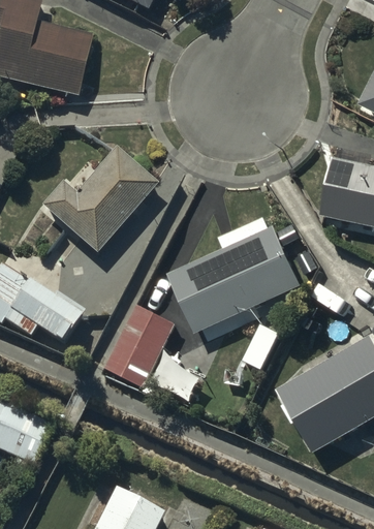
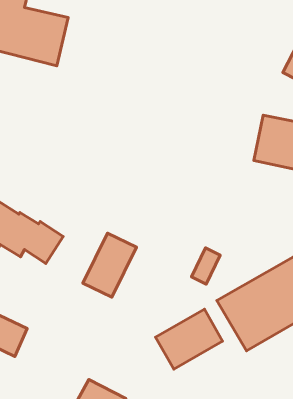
building: [39,148,154,251] -> none
building: [166,225,301,334] -> none
building: none -> [156,309,223,369]

